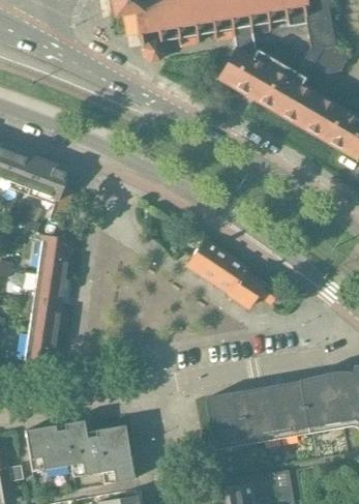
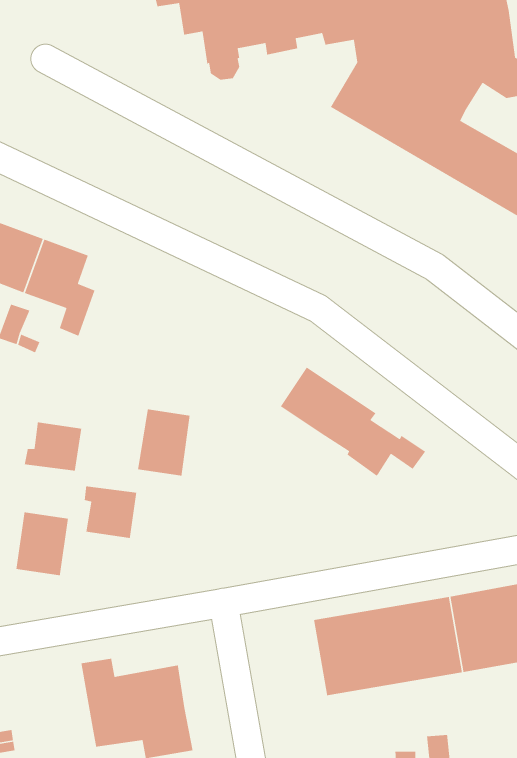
building: [37,236,70,278] -> [137,408,190,477]
building: [28,301,61,334] -> [84,485,137,539]
building: [26,424,71,472] -> none

